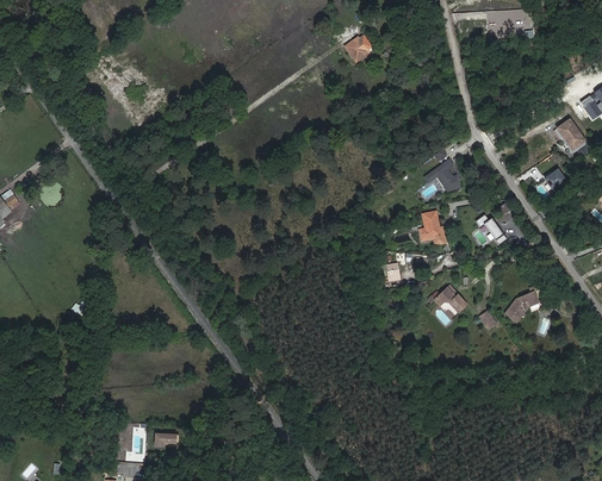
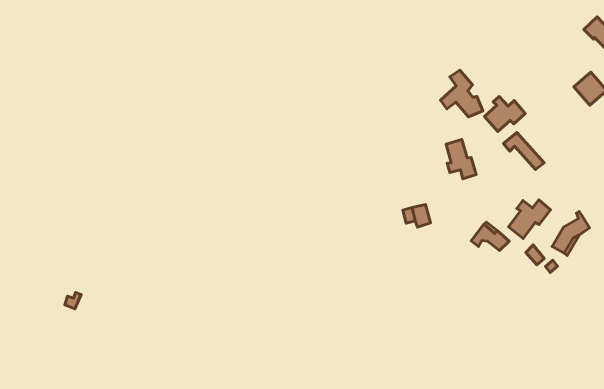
building: none -> [485,96,525,132]
building: none -> [509,200,551,238]

